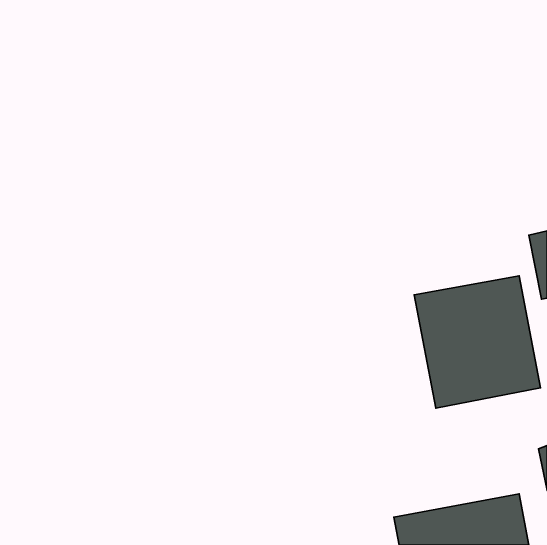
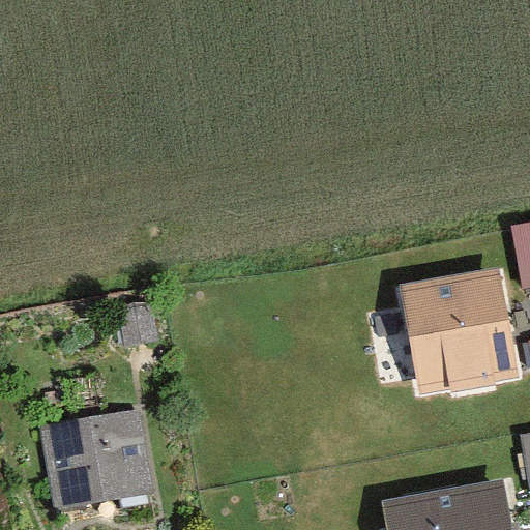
building: none -> [32,412,144,509]

